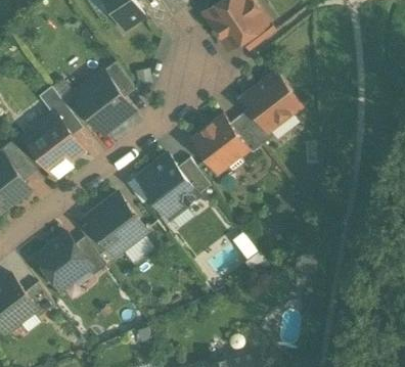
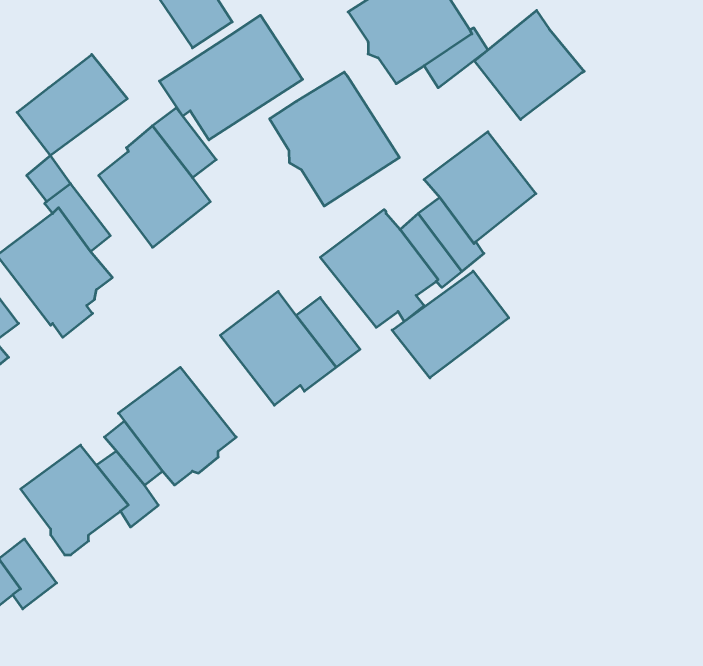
building: none -> [474,10,584,120]
building: none -> [159,15,303,140]
building: none -> [17,54,127,156]
building: none -> [270,72,399,206]
building: none -> [392,271,509,378]

